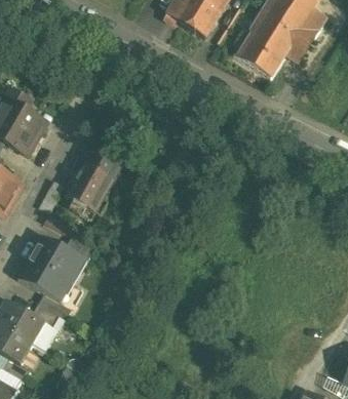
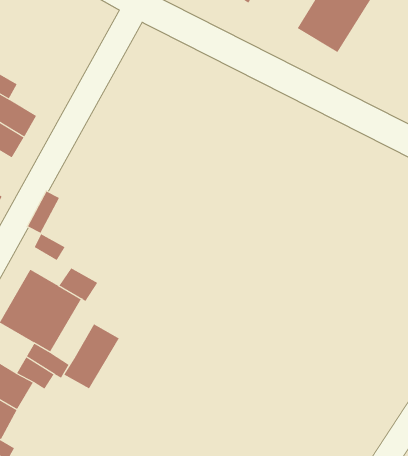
building: [66,145,122,210] -> none
building: none -> [64,324,119,389]

